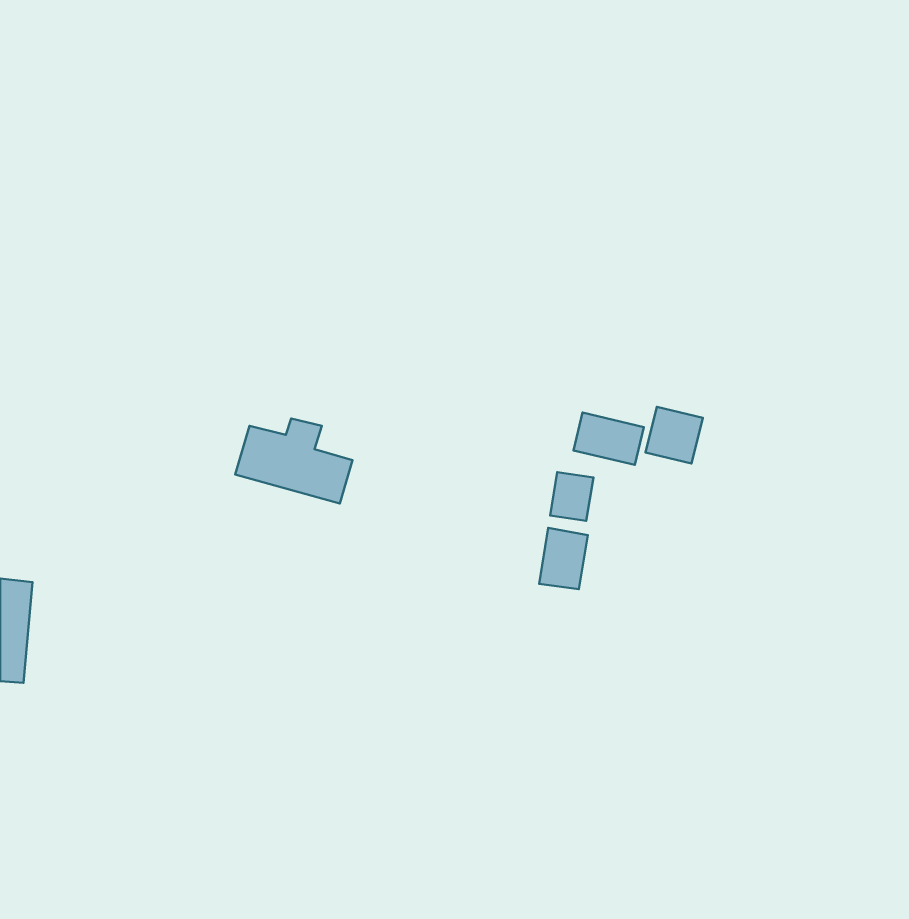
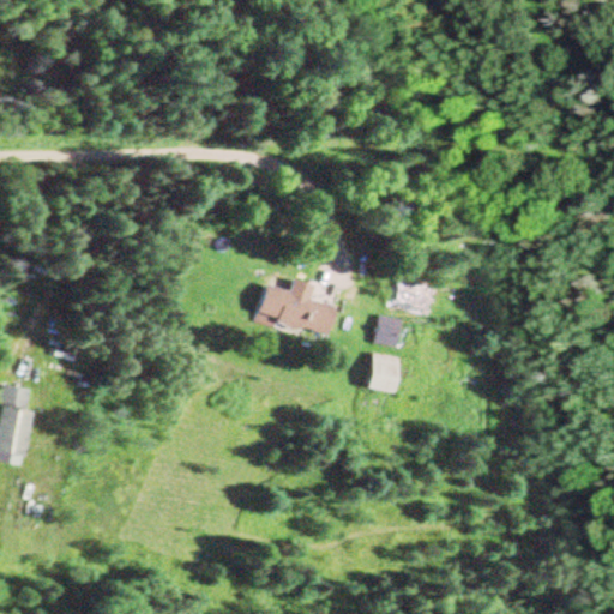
building: [645,407,703,463] -> none
building: [235,419,352,503] -> [257,279,335,336]

